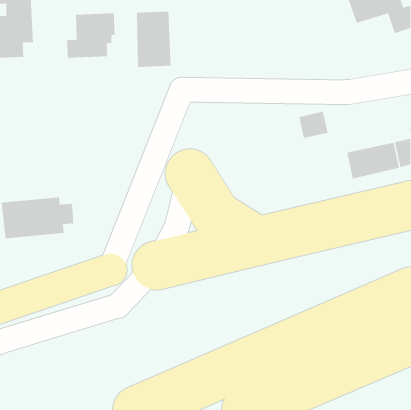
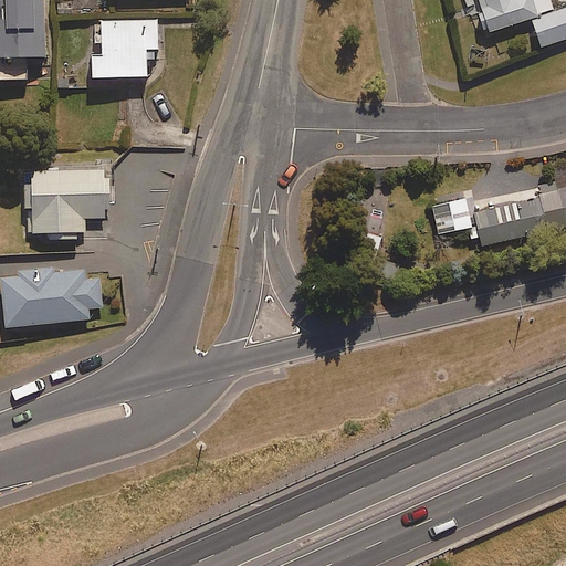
building: [136,11,171,68] -> none
building: [298,111,328,138] -> [431,197,472,234]
building: none -> [21,164,105,234]

